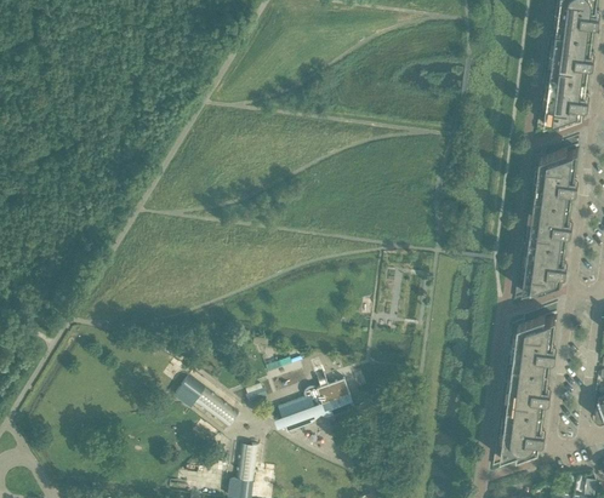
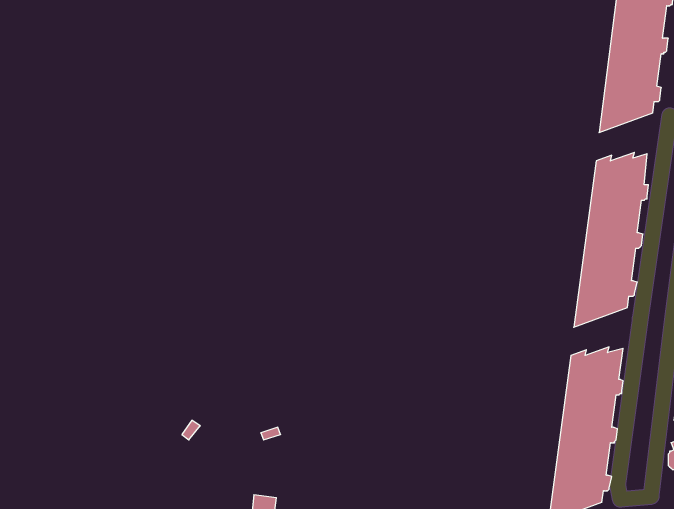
building: [280,374,355,433] -> none
building: [195,388,240,429] -> none

